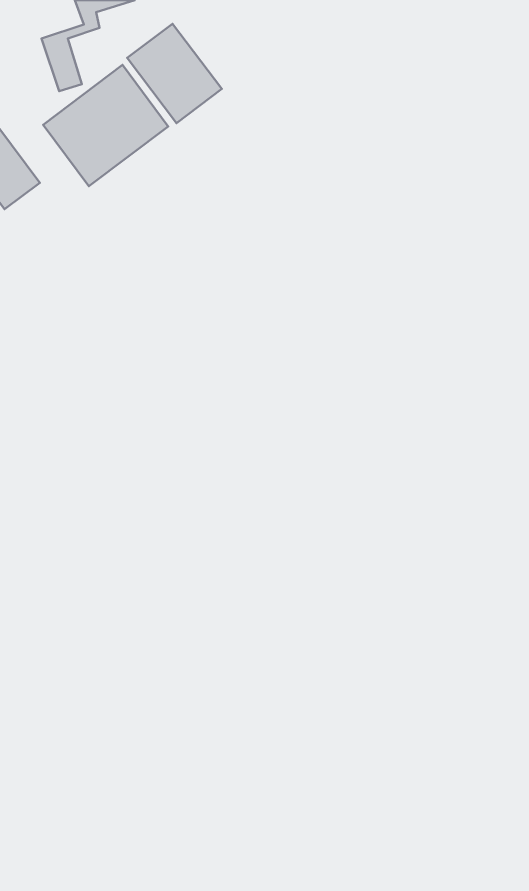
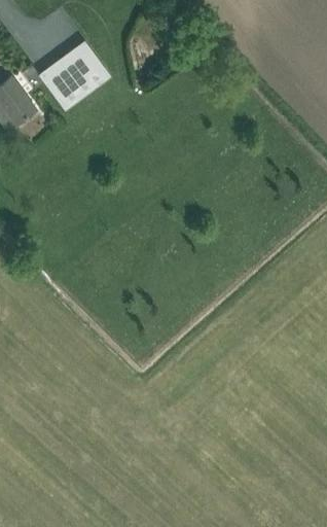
building: [127,24,222,123] -> none

